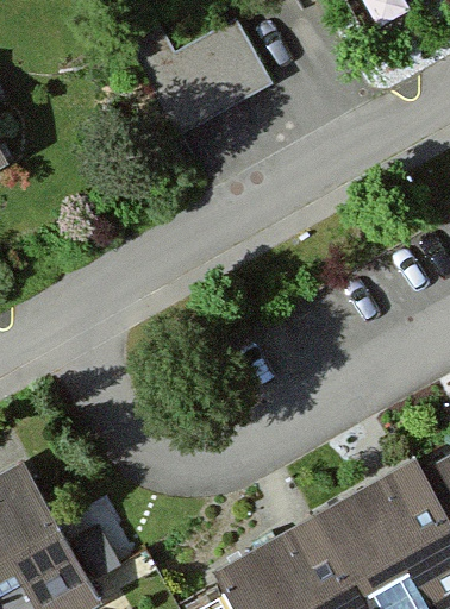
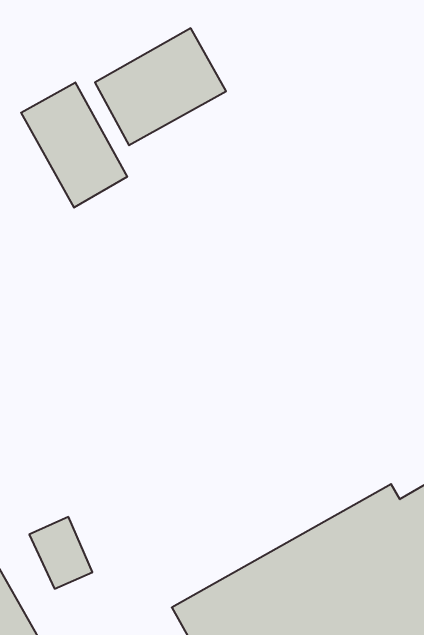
building: none -> [21,82,127,208]

